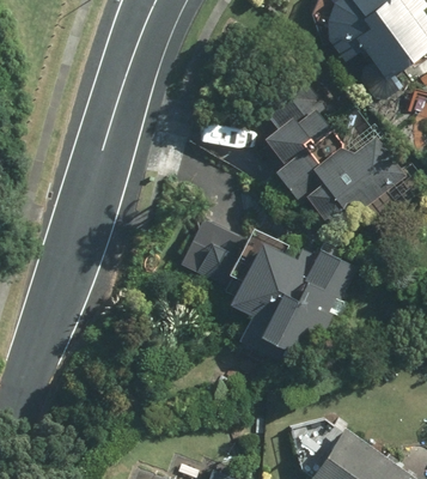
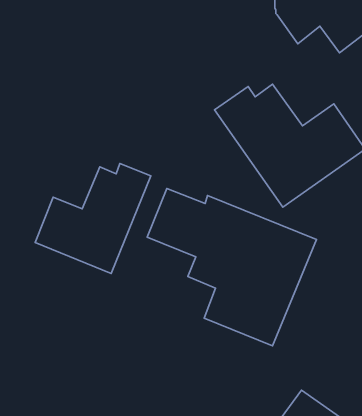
building: none -> [35,164,151,273]

